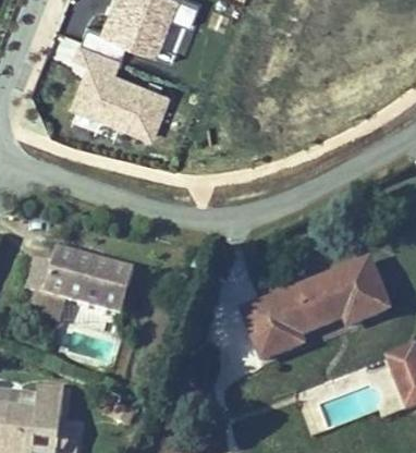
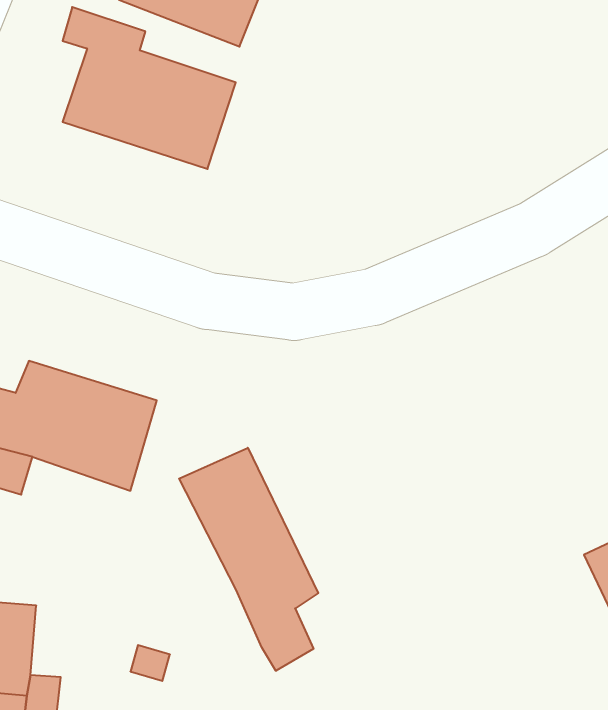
building: [237,252,381,360] -> none
building: none -> [179,448,318,671]

